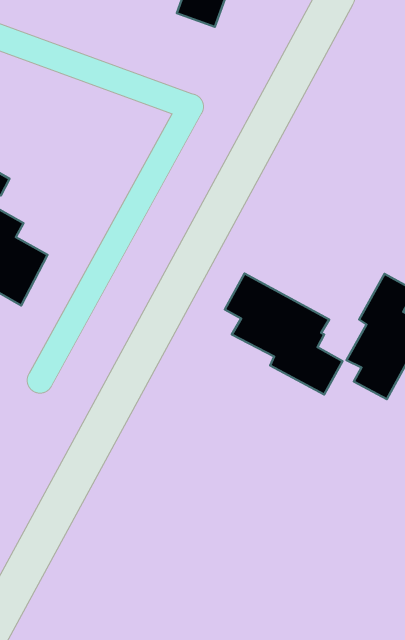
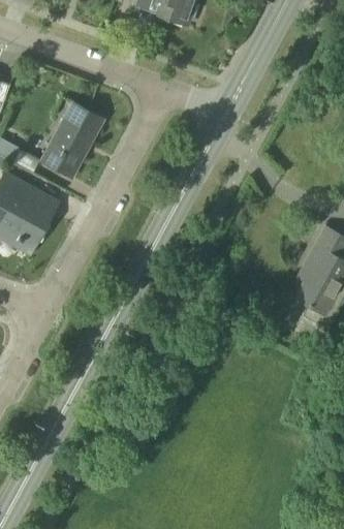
building: none -> [41,102,103,177]
building: [225,274,342,394] -> none

